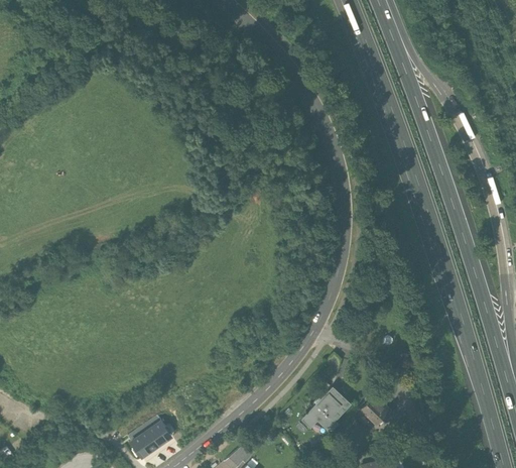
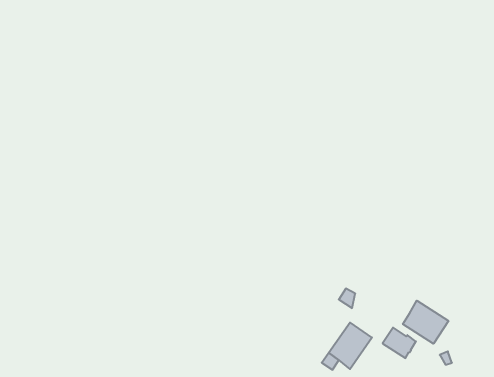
building: none -> [403,301,448,344]

